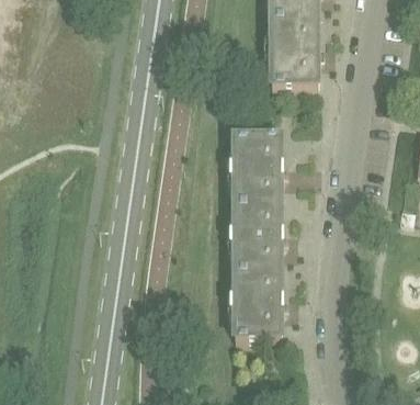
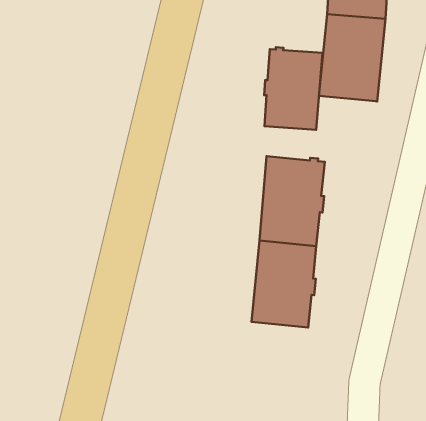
building: none -> [264,47,323,130]
building: [232,274,282,341] -> none

